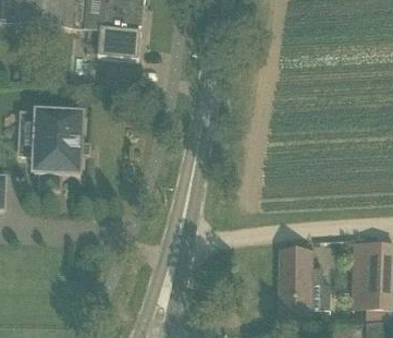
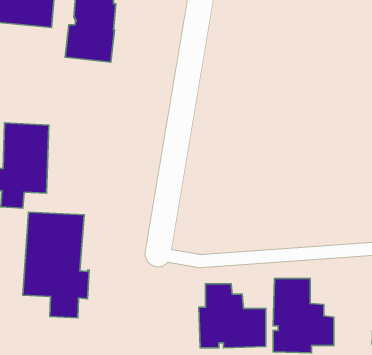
building: none -> [23,212,89,318]
building: none -> [199,284,266,348]

